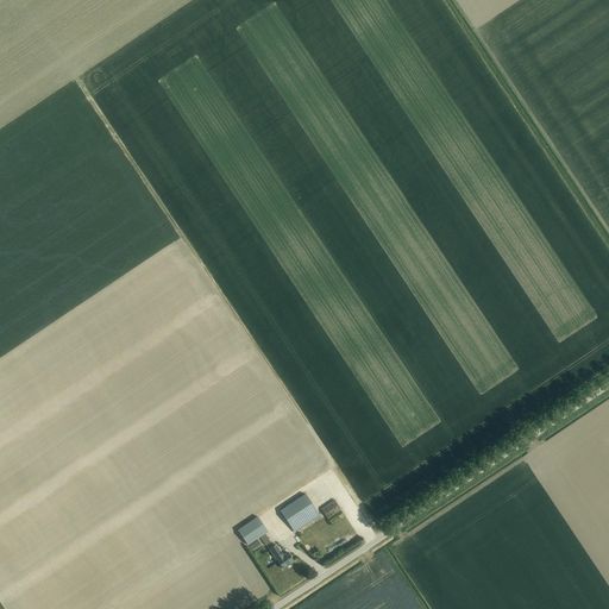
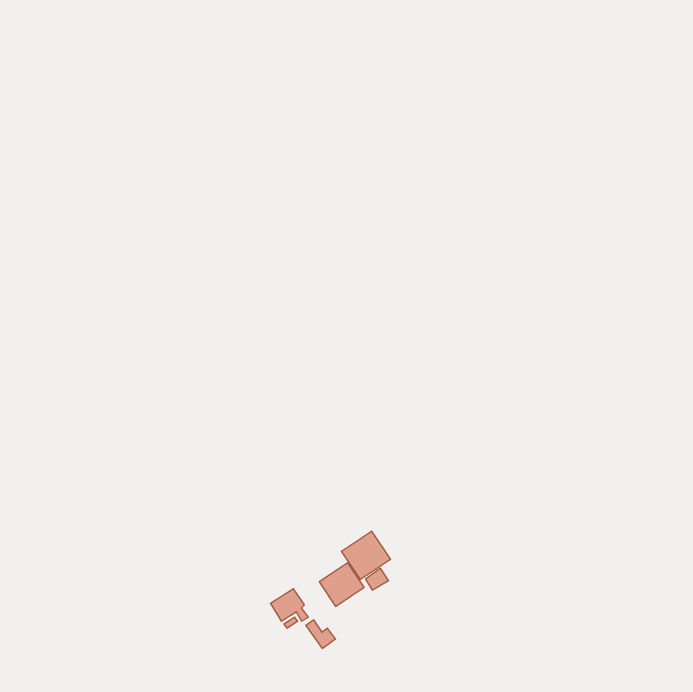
building: none -> [341,531,390,580]

